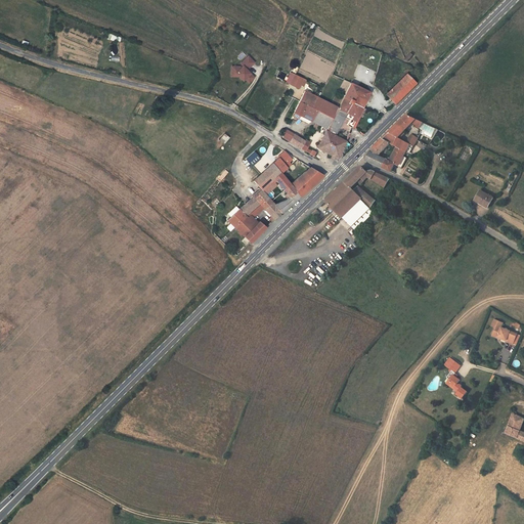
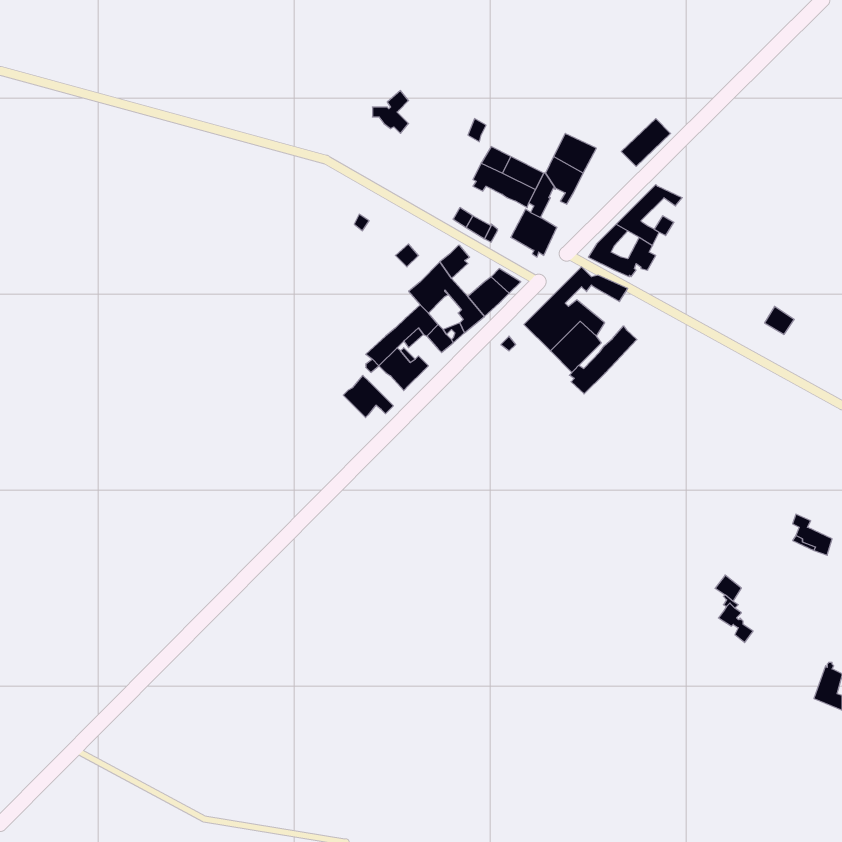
building: none -> [569,326,637,394]
building: none -> [343,375,393,418]

